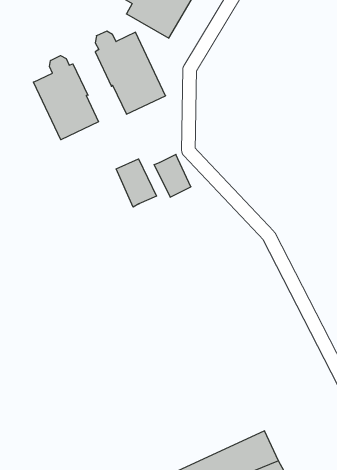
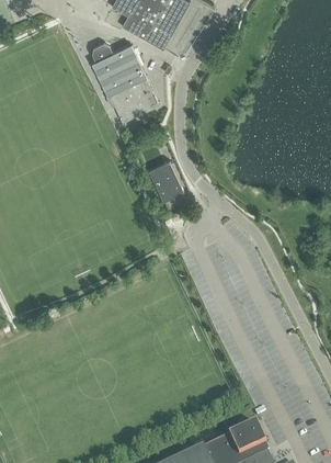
building: [33,56,99,140] -> none
building: [116,159,156,207] -> none

